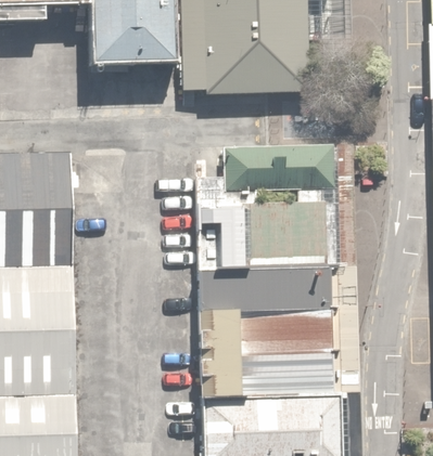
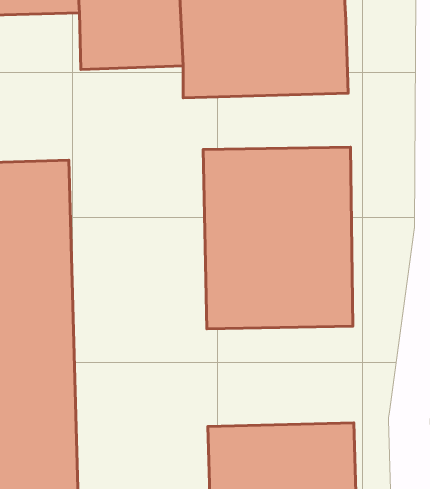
building: [198,303,333,395] -> none

